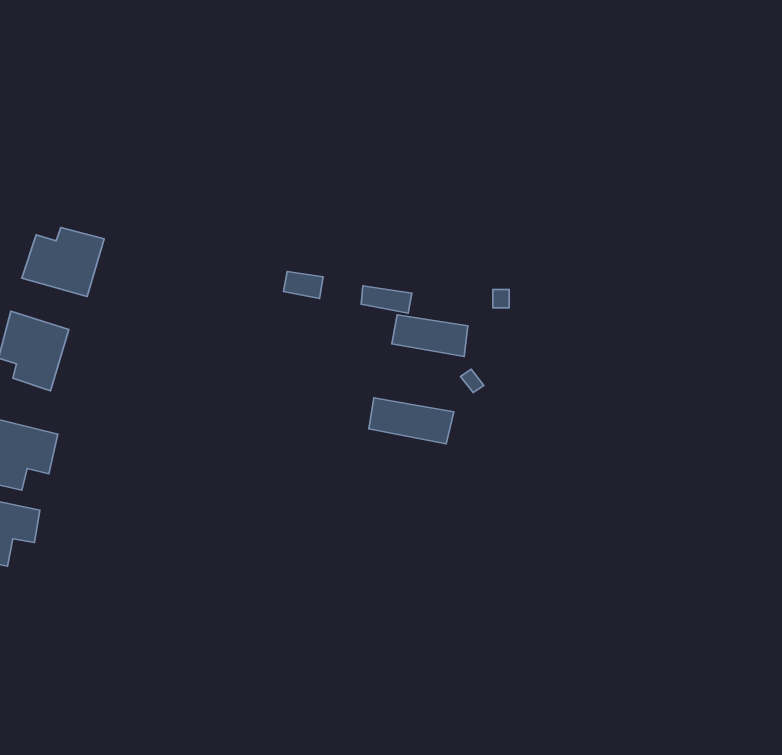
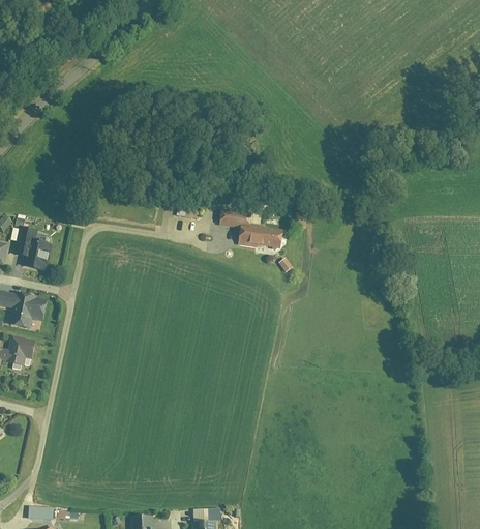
building: [22,227,104,296] -> none
building: [369,398,454,444] -> none

